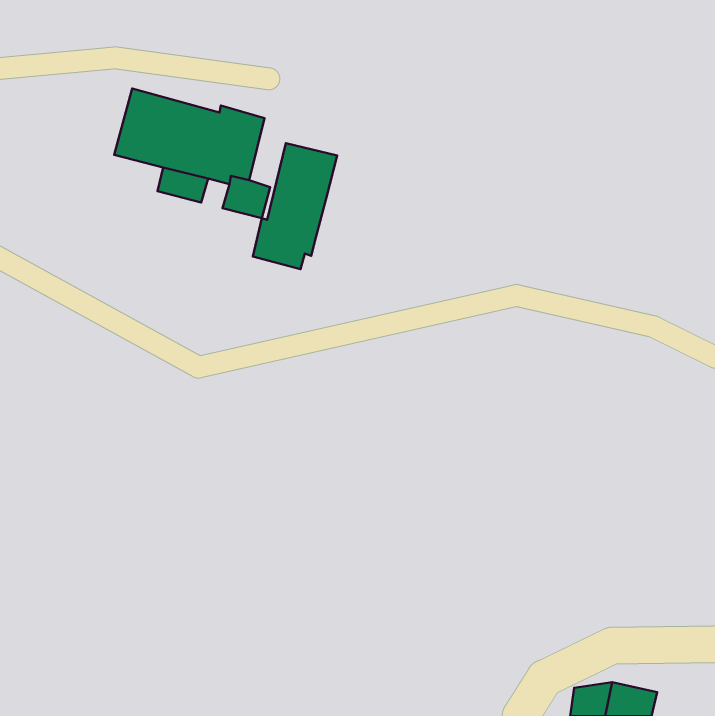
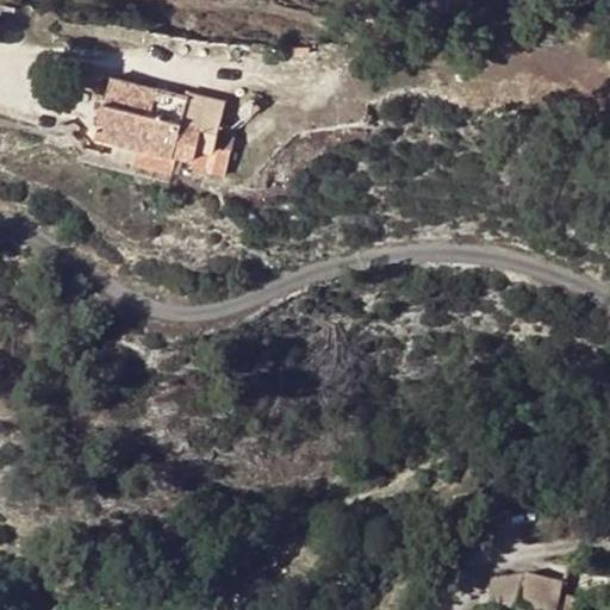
building: [253,143,337,269] -> none

